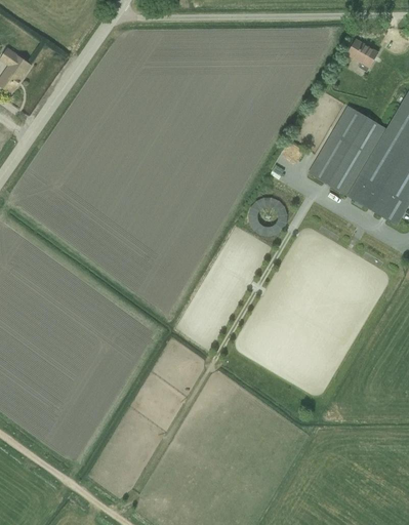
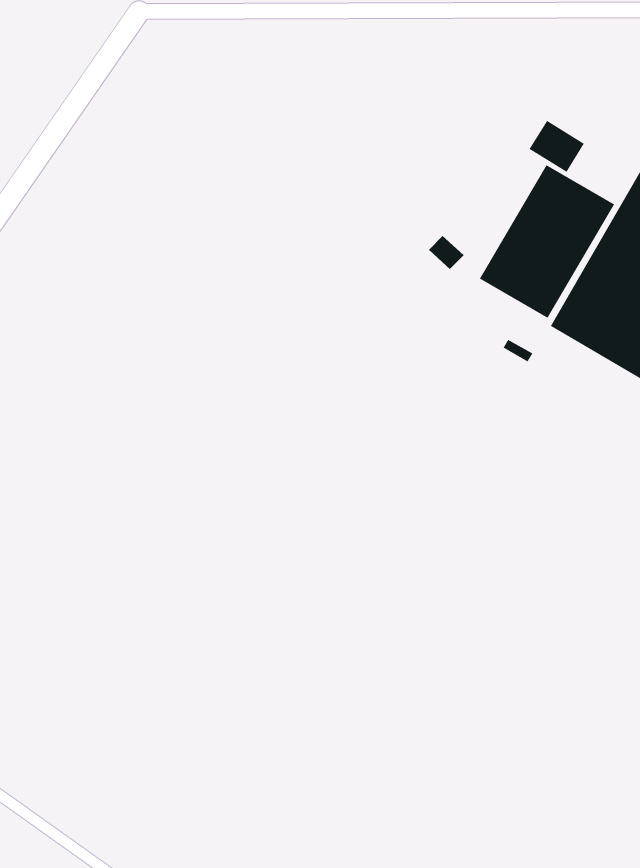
building: [345,38,377,68] -> [529,120,585,173]

